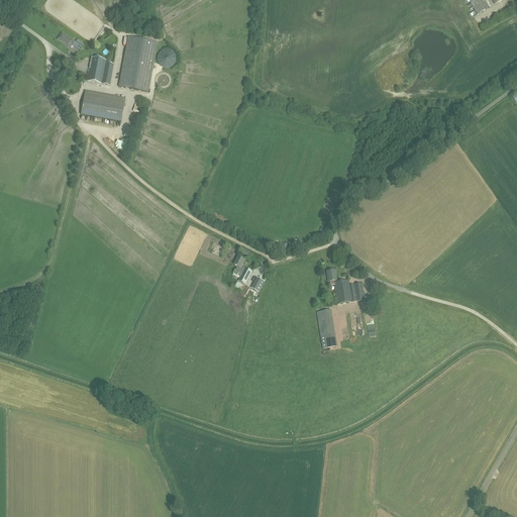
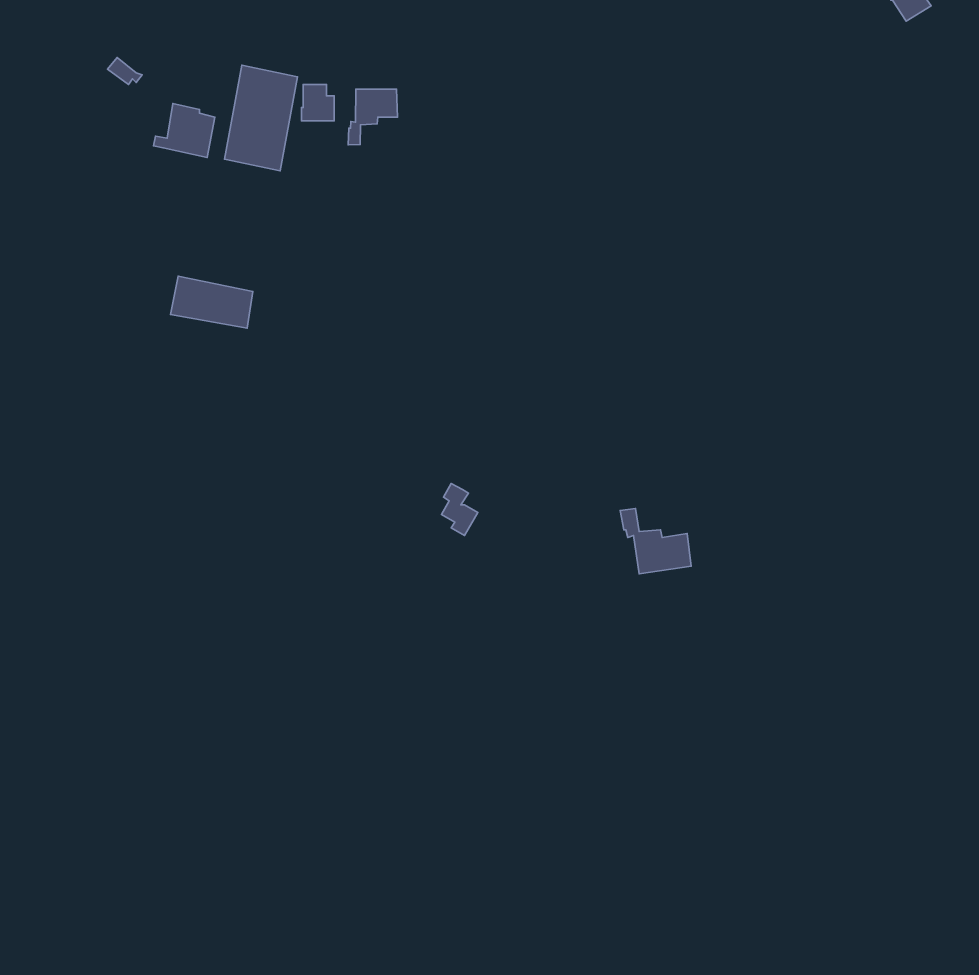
building: none -> [348,89,397,145]
building: [80,92,123,119] -> [170,276,253,328]
building: [316,308,336,346] -> none

